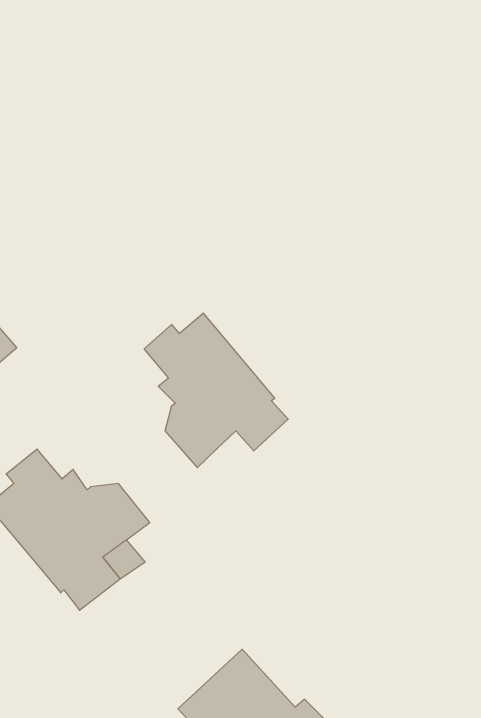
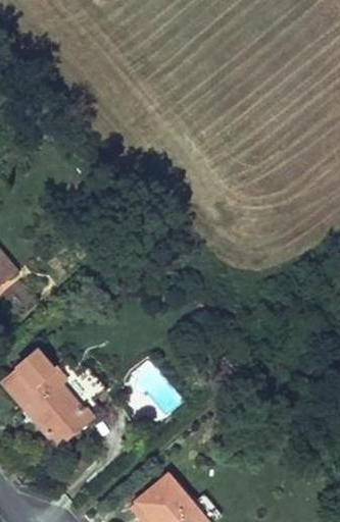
building: [144,313,288,468] -> none

